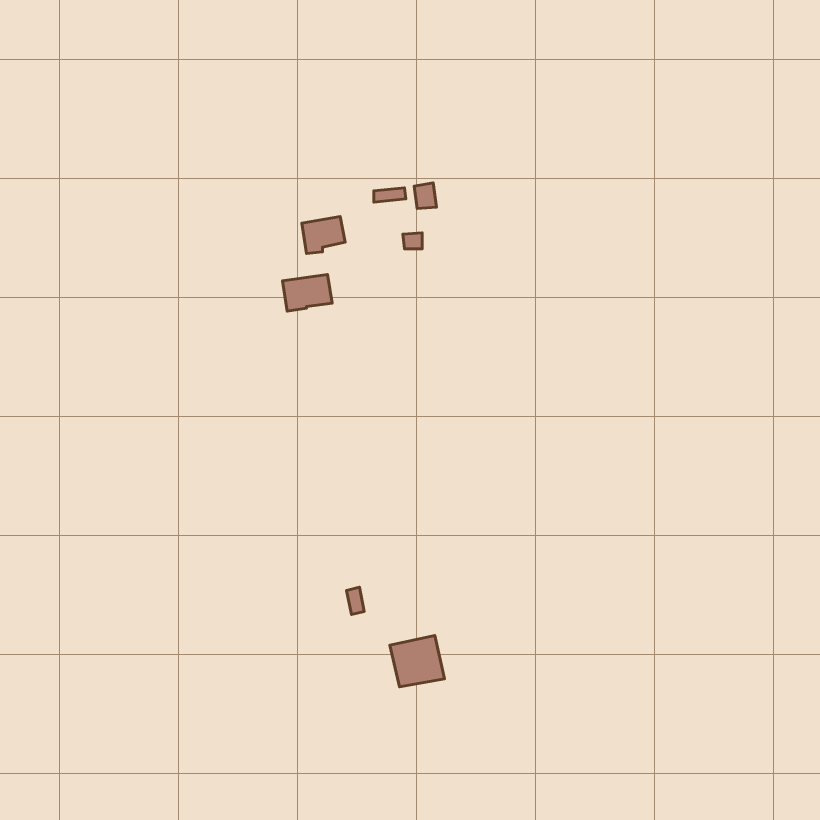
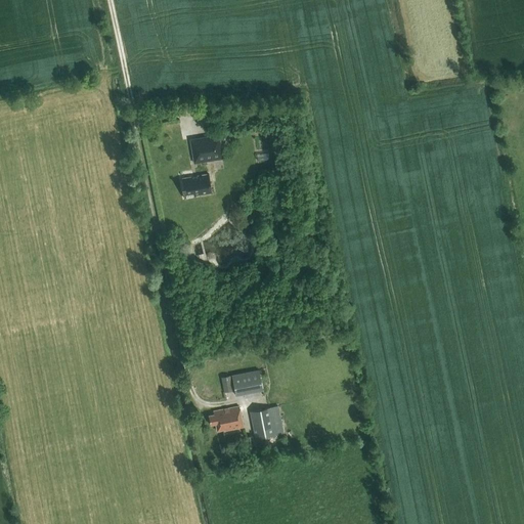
building: none -> [239,369,262,393]
building: none -> [208,406,243,431]

